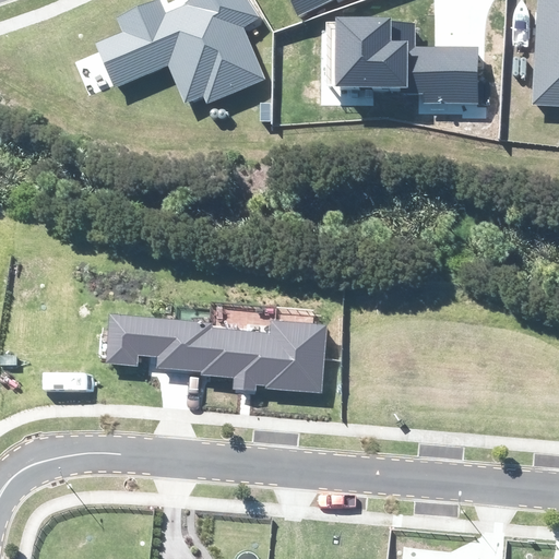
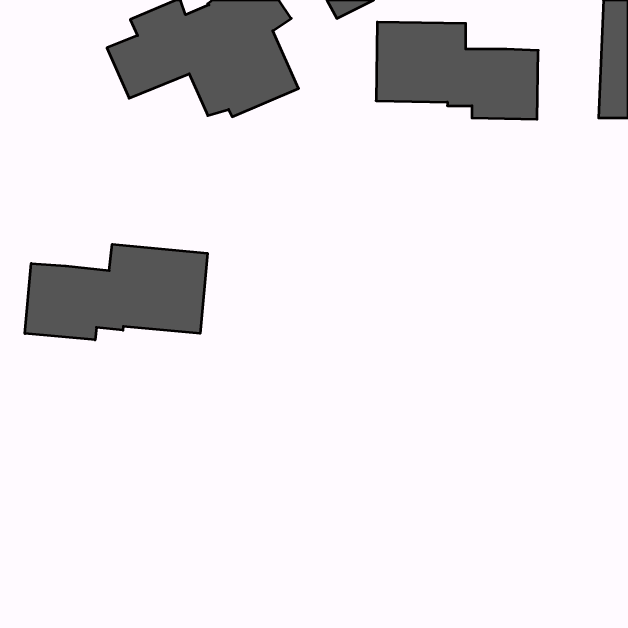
building: none -> [25,244,207,340]
building: [106,314,329,394] -> none

